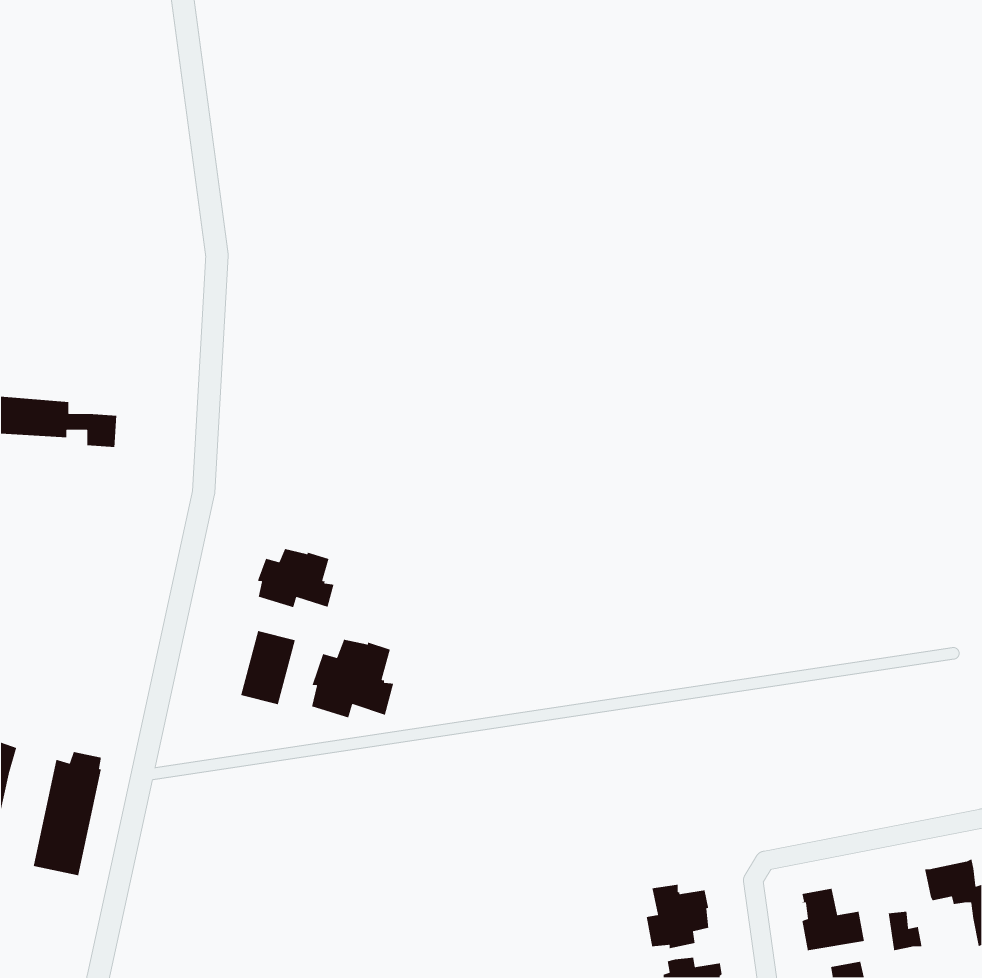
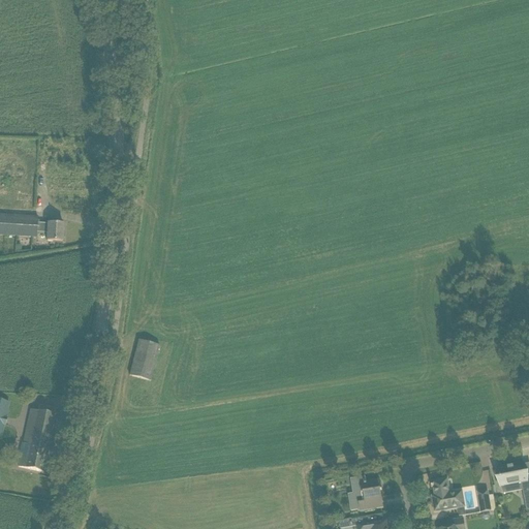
building: [257,548,334,608] -> none
building: [311,639,394,719] -> none

